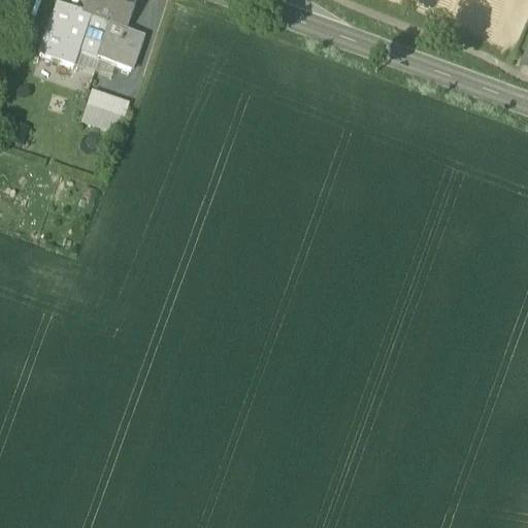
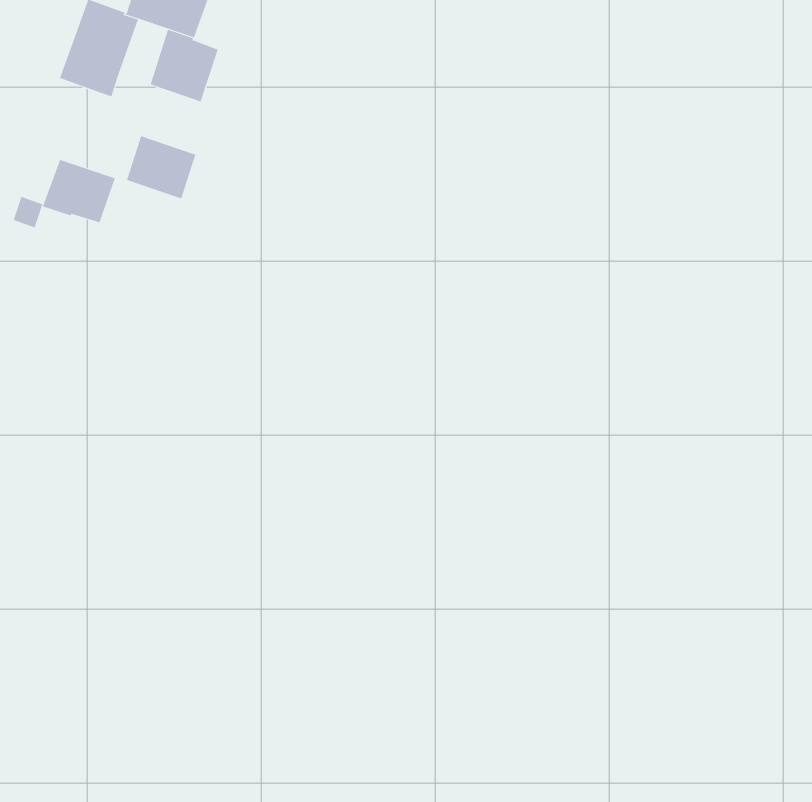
building: [79,12,110,55] -> none
building: none -> [42,159,115,223]

